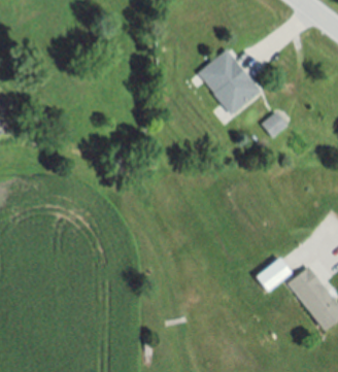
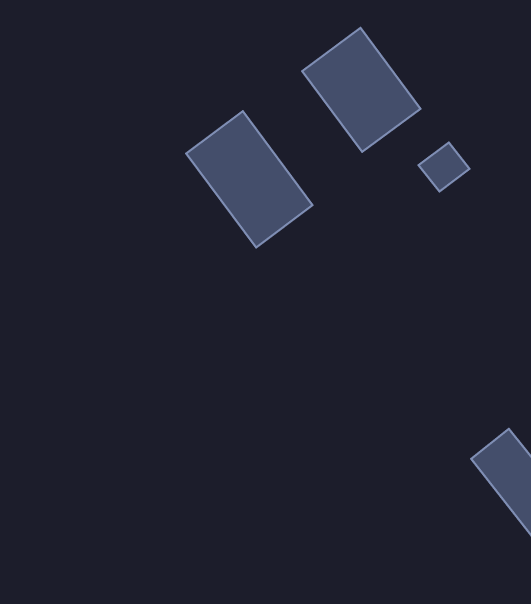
building: none -> [186,111,313,248]
building: [255,258,293,293] -> none

